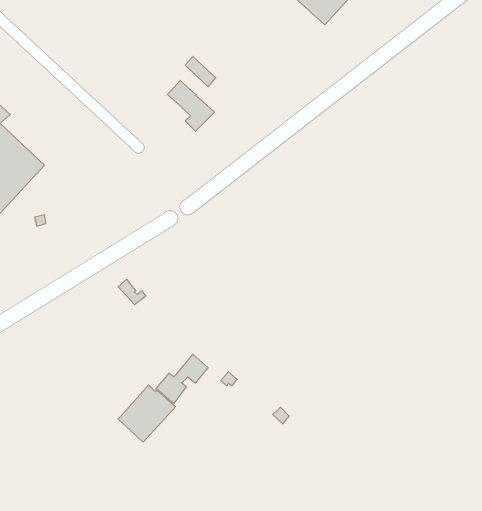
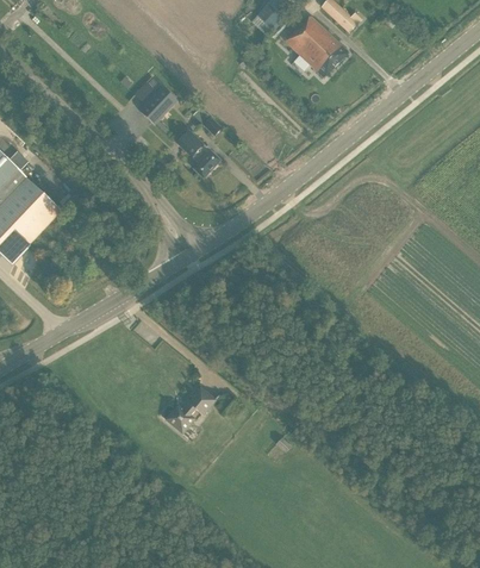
building: none -> [139,86,176,135]
building: [118,385,175,442] -> none

